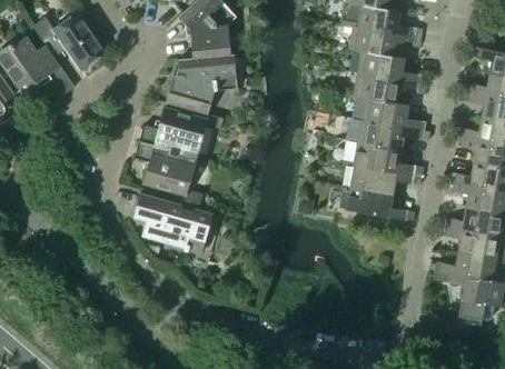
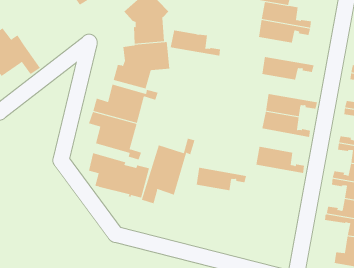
building: [31,11,106,69] -> none
building: [348,48,420,83] -> [164,28,221,56]
building: [353,94,425,130] -> none
building: [349,163,414,193] -> [196,167,247,191]
building: none -> [141,138,195,204]

